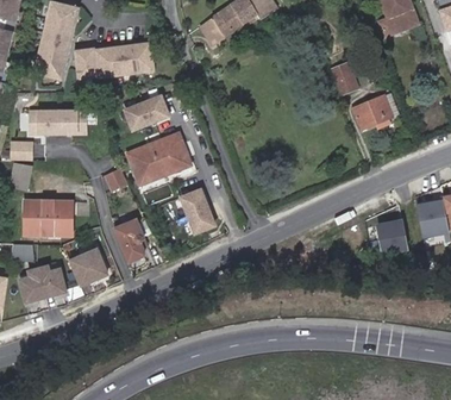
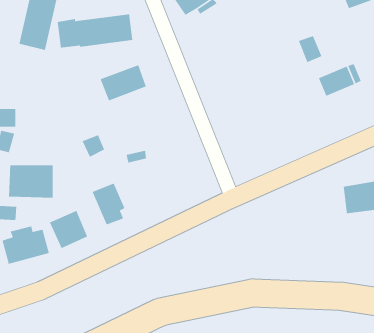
building: [29,108,88,136] -> none
building: [132,131,195,182] -> none
building: [178,188,218,237] -> none

